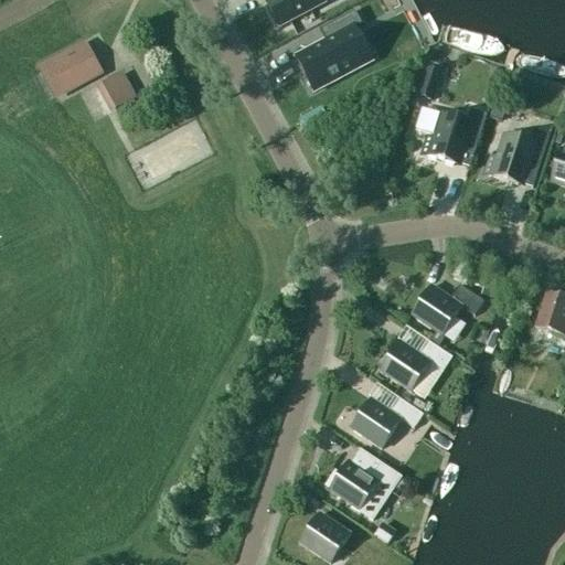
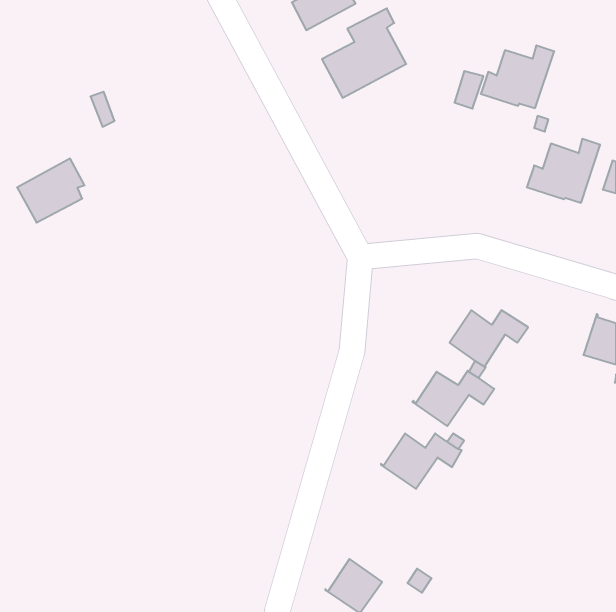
building: [38,39,99,97] -> [17,159,85,223]
building: [97,72,135,109] -> none
building: [419,107,487,164] -> [481,45,554,108]
building: [327,446,401,519] -> none

